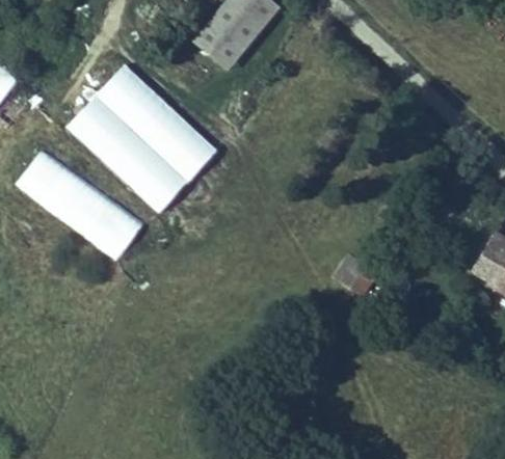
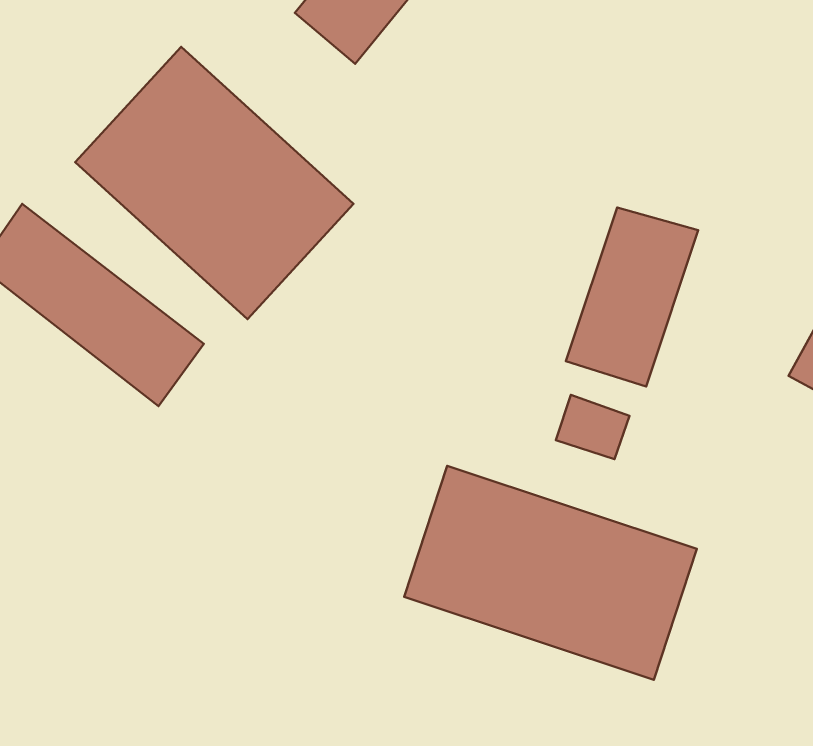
building: none -> [566,208,698,386]
building: none -> [404,466,697,680]

